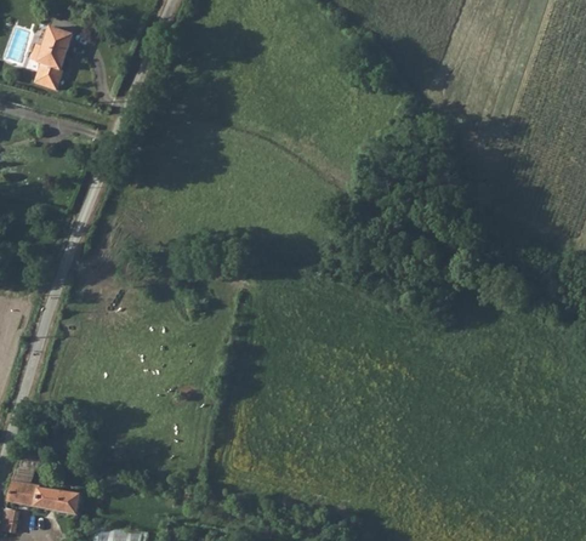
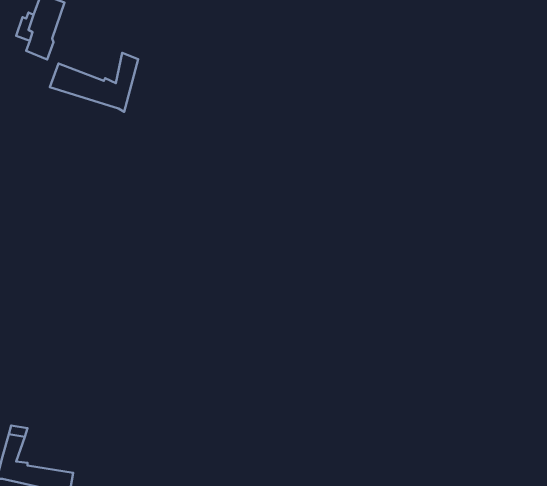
building: none -> [50,53,138,112]

